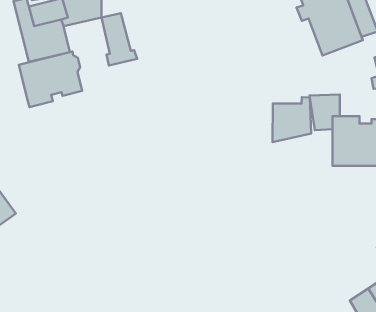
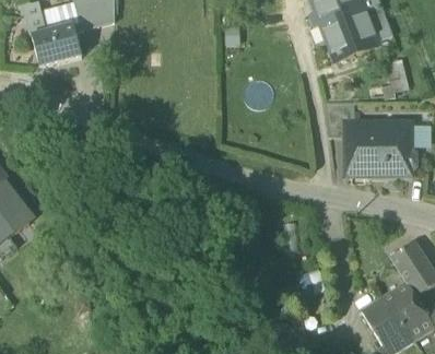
building: [101,13,137,65] -> none
building: [19,51,82,107] -> none
building: [272,97,311,142] -> none

